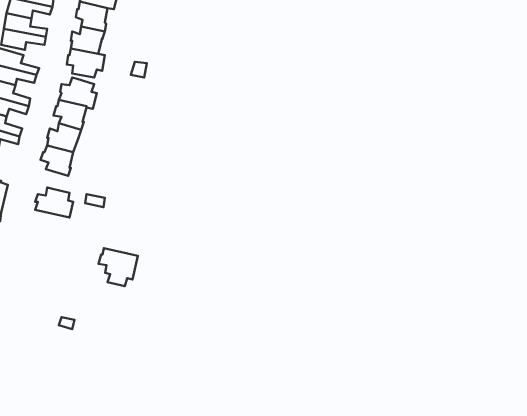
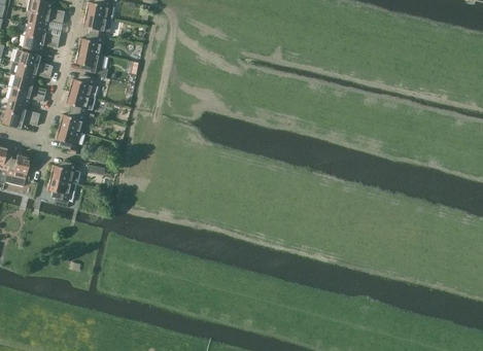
building: [98,248,138,286] -> [46,178,77,208]

